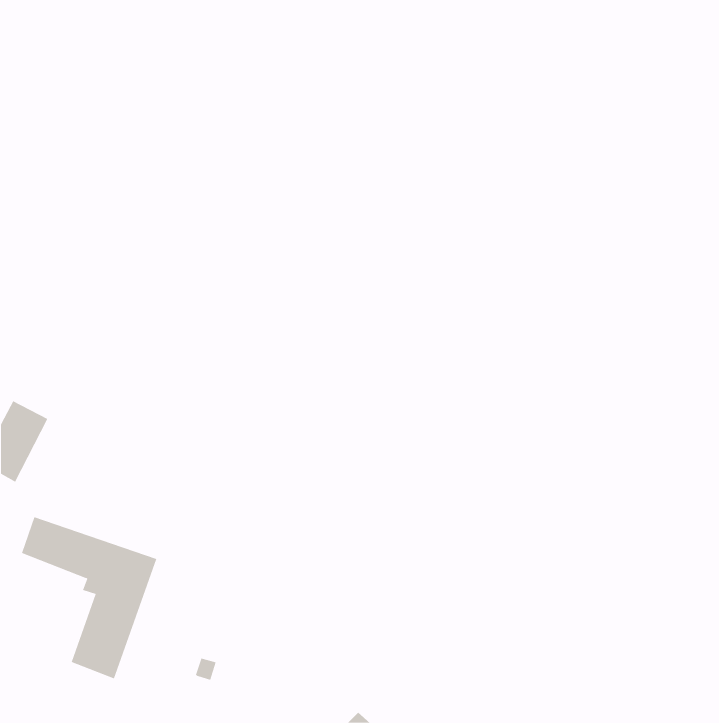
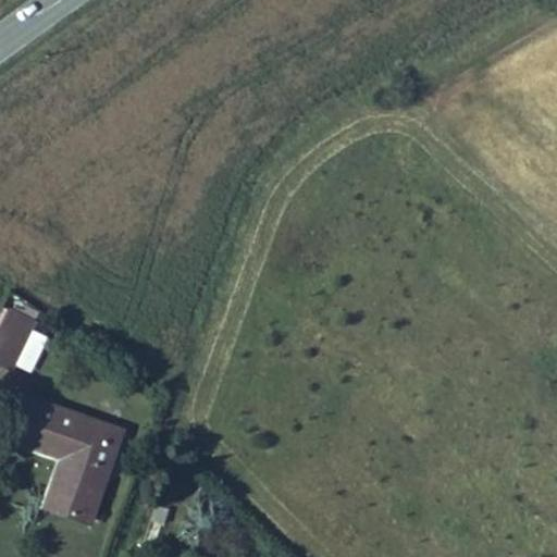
building: none -> [14,425,76,509]

